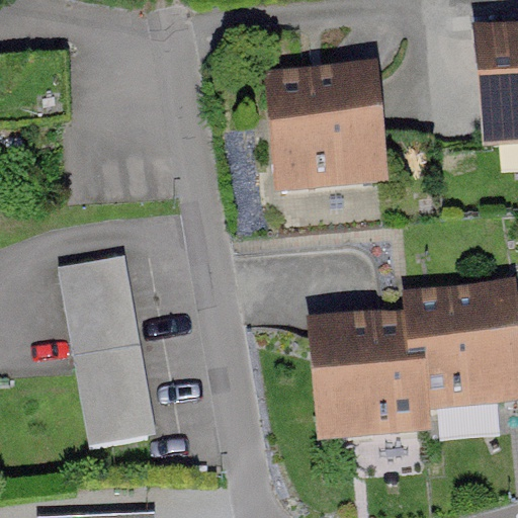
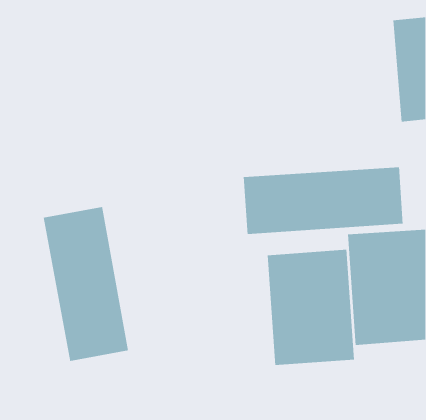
building: [275,64,388,192] -> none
building: none -> [243,167,403,235]

